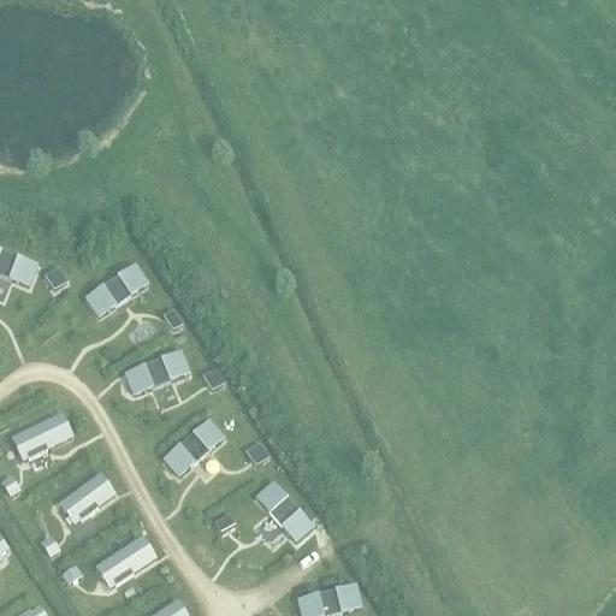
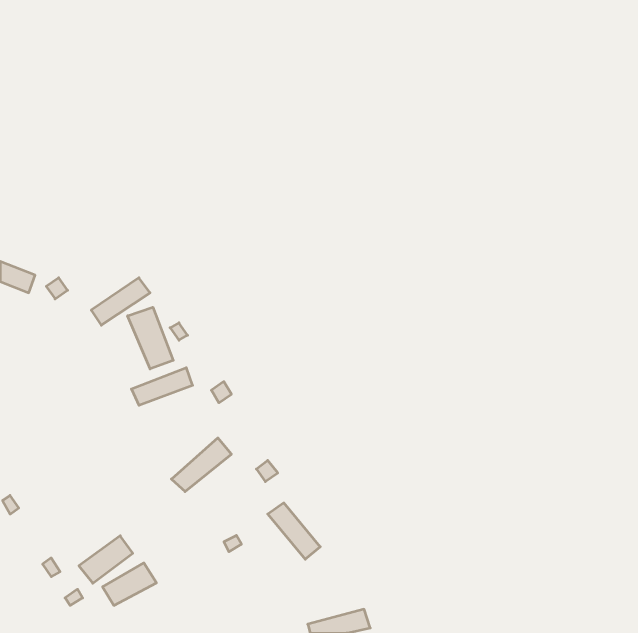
building: none -> [128,307,173,369]
building: [14,416,65,454] -> none
building: [59,474,111,520] -> [79,536,133,583]

